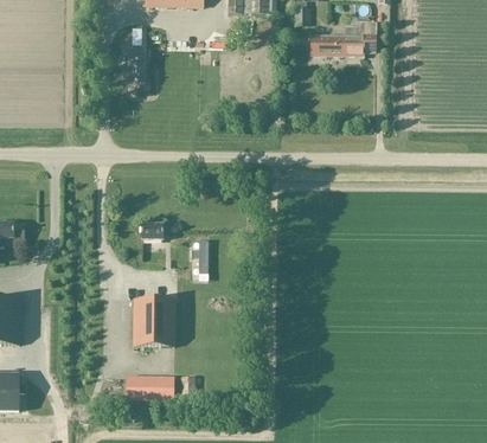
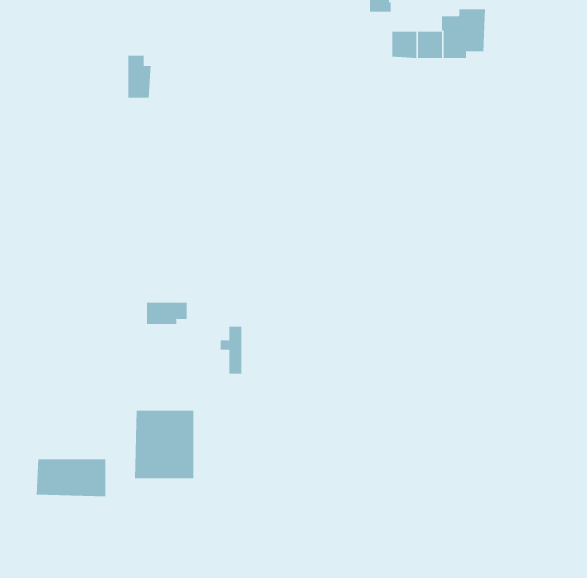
building: [124,374,173,400] -> [36,459,106,497]

